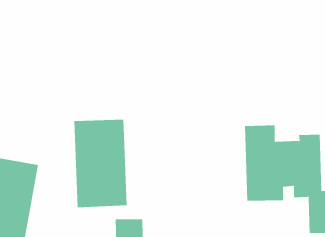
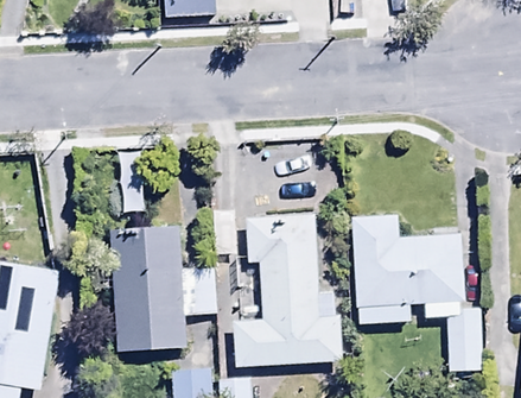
building: none -> [231,214,342,369]

